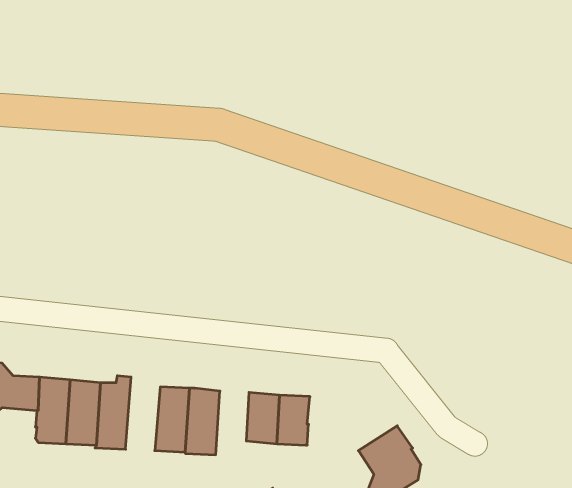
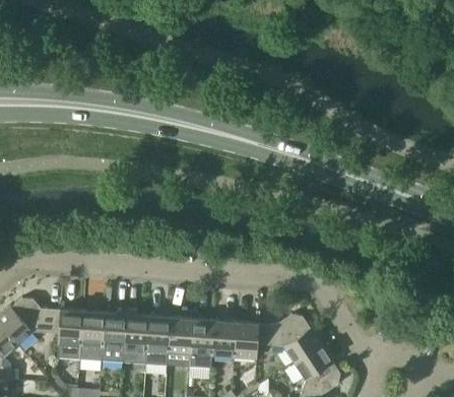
building: none -> [123,310,148,363]
building: none -> [256,315,322,363]
building: none -> [189,320,213,369]

